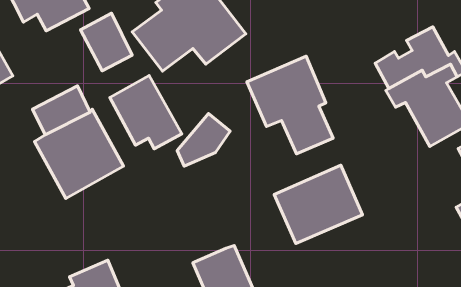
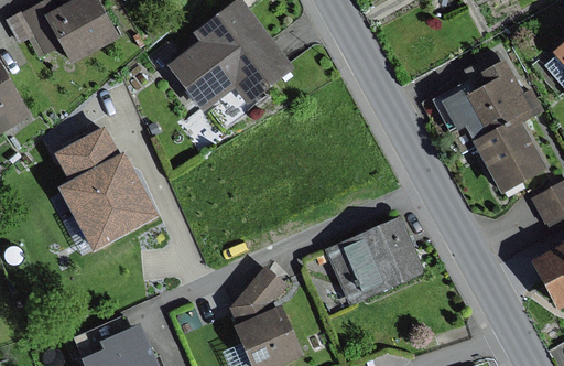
building: [81,13,132,71] -> none
building: [247,56,333,154] -> none
building: [110,76,182,149] -> none
building: [177,113,230,166] -> [229,266,289,325]

